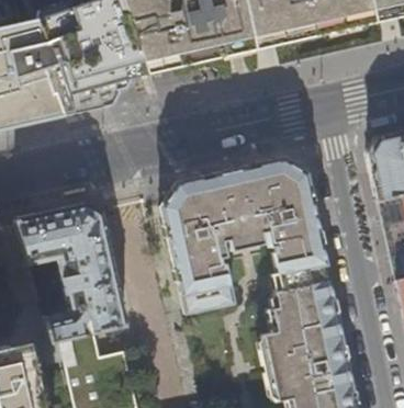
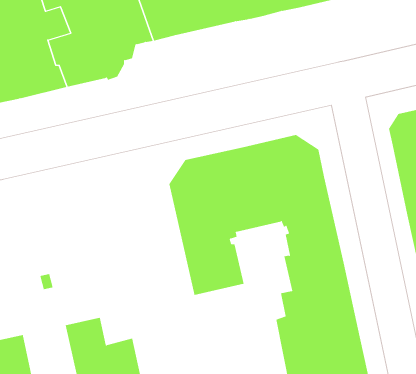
building: [19,204,126,342] -> none

